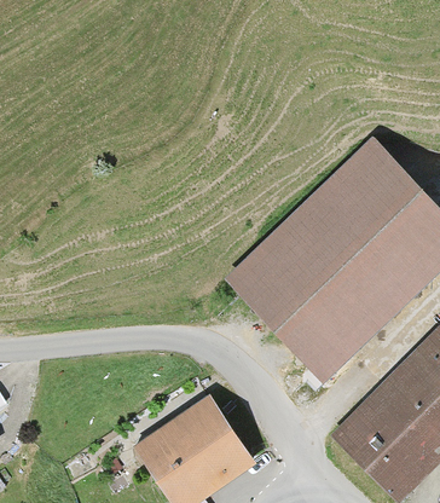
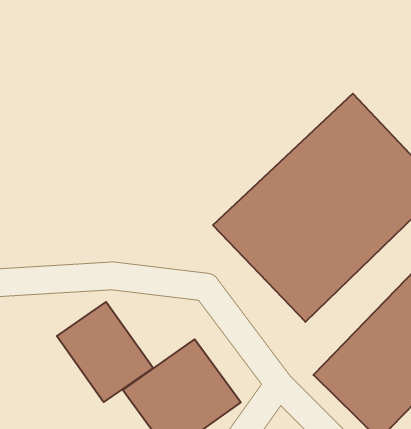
building: none -> [57,302,153,402]

